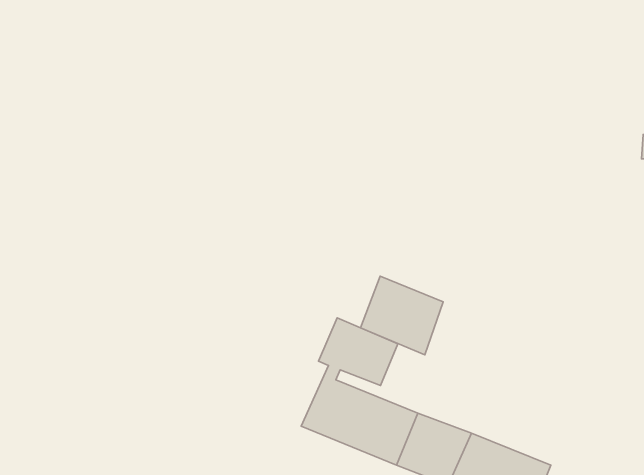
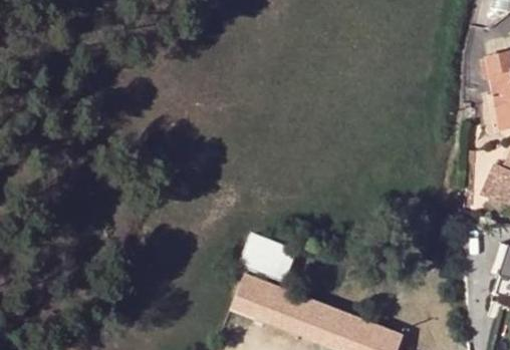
building: [361,276,443,355] -> none

